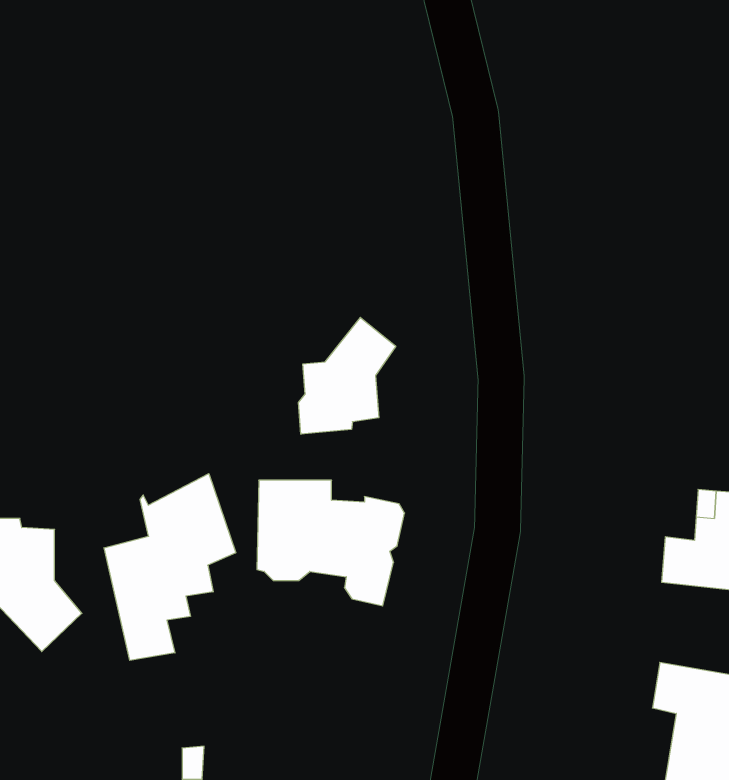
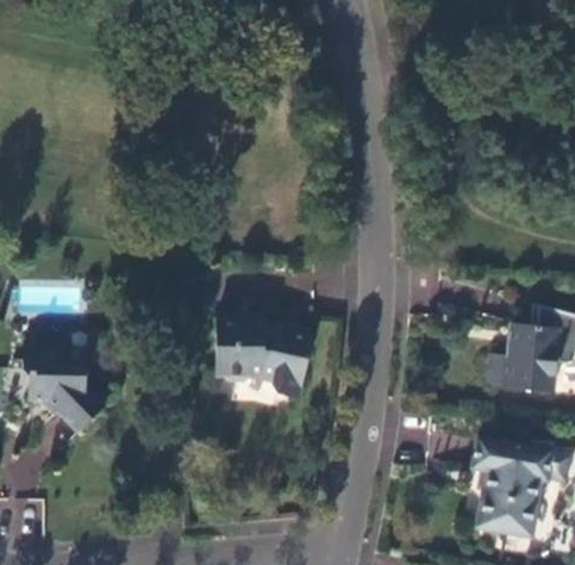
building: [298,317,396,434] -> none
building: [104,474,236,660] -> none

